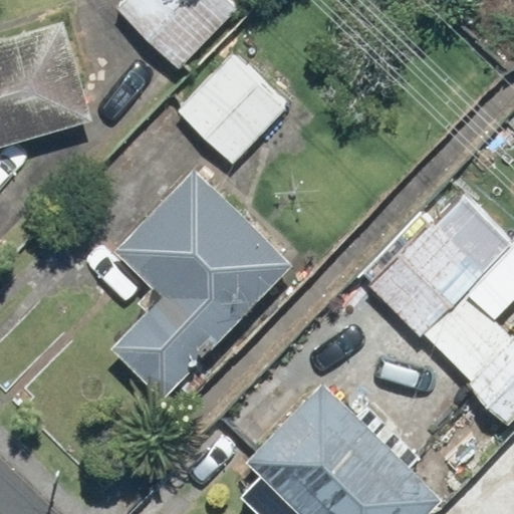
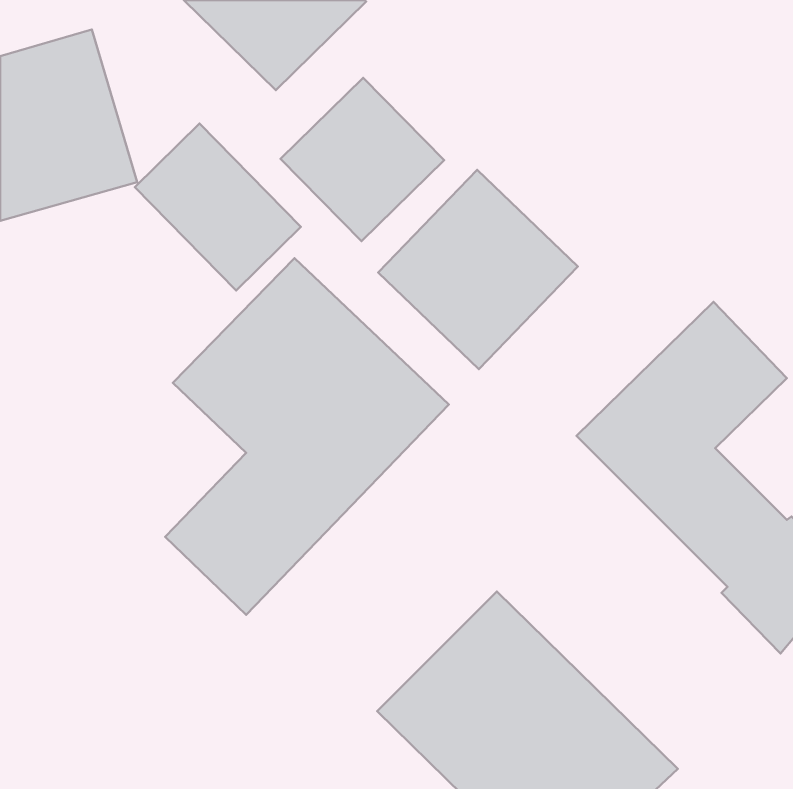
building: none -> [135,124,301,290]
building: none -> [378,170,578,369]

